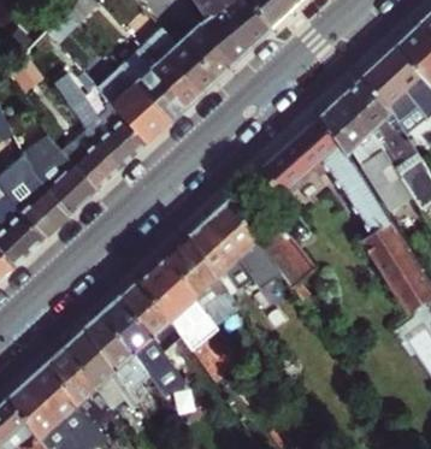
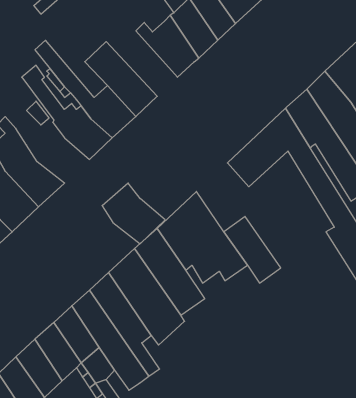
building: [135,30,211,102] -> none
building: [58,129,122,190] -> [102,183,165,244]

